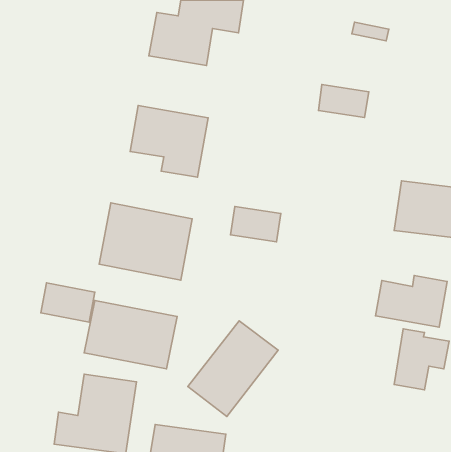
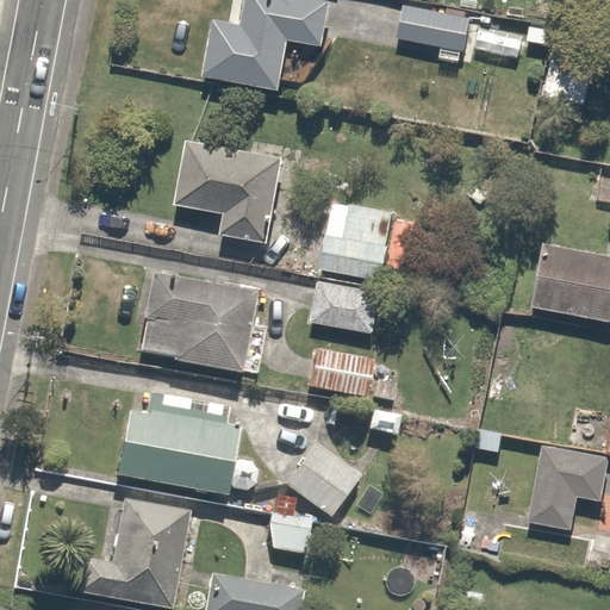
building: [318,85,369,117] -> [396,7,463,51]
building: none -> [322,203,394,276]
building: none -> [312,348,385,393]
building: [376,275,447,327] -> none
building: [41,283,95,322] -> none

